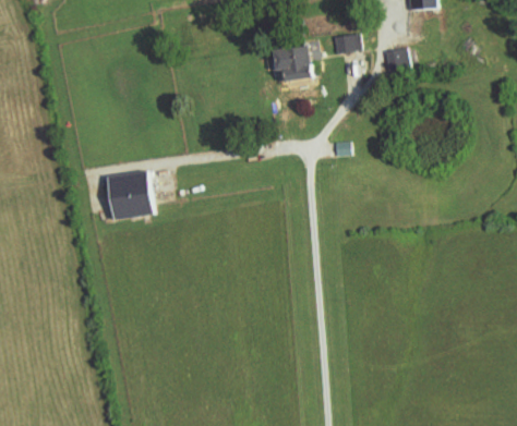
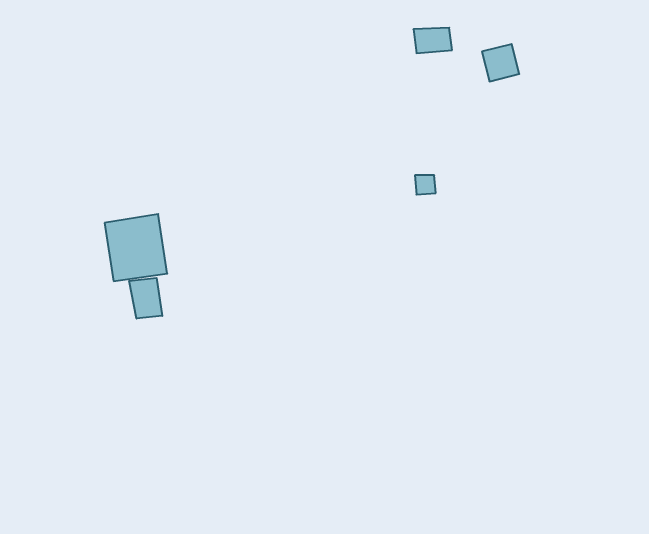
building: [274,45,313,82] -> none
building: none -> [129,278,162,319]

